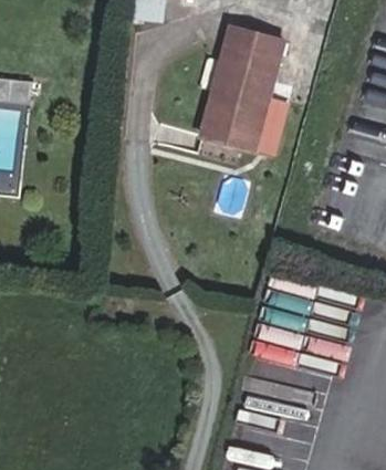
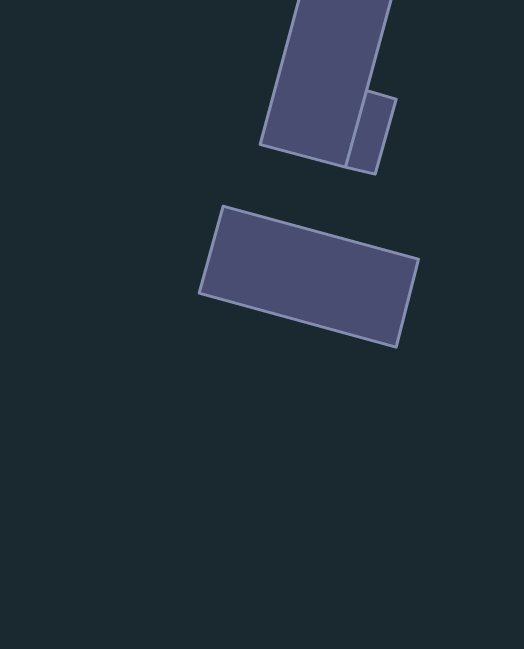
building: none -> [199,206,418,347]

